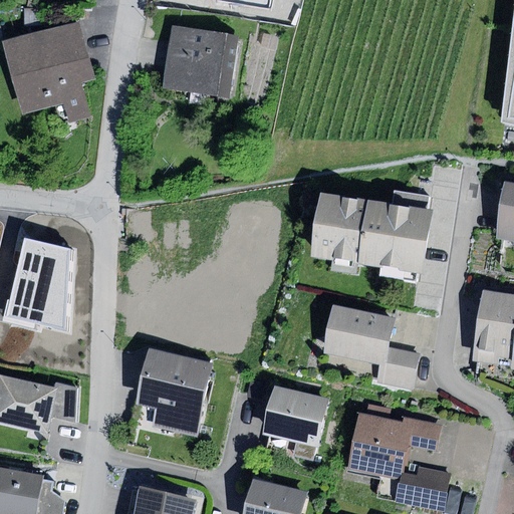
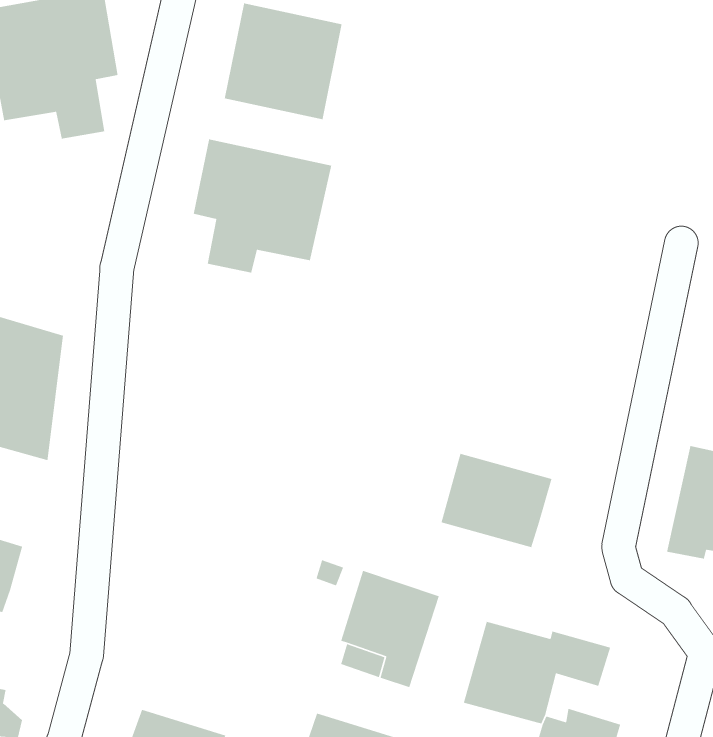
building: none -> [193,139,332,273]
building: [311,190,431,271] -> none
building: [381,346,419,389] -> none
building: [138,348,211,435] -> none
building: [49,381,75,422] -> none

